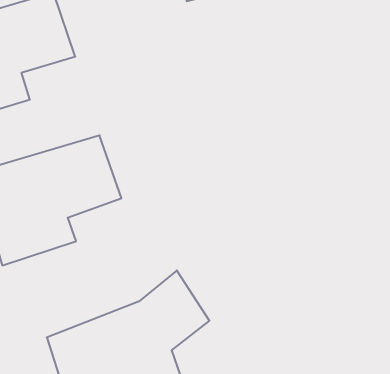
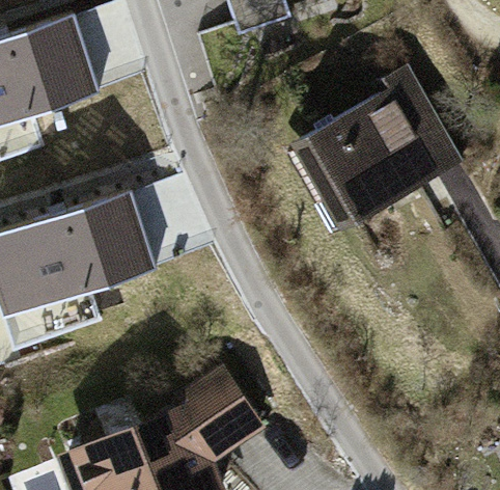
building: none -> [284,66,452,228]

